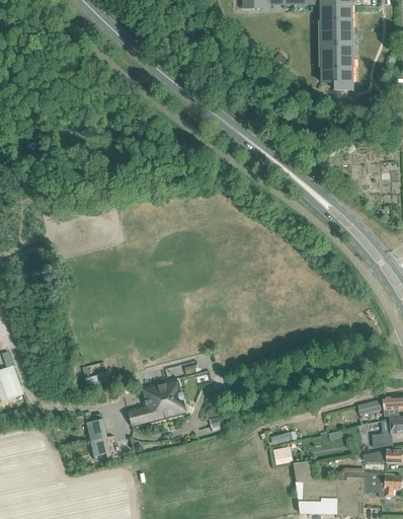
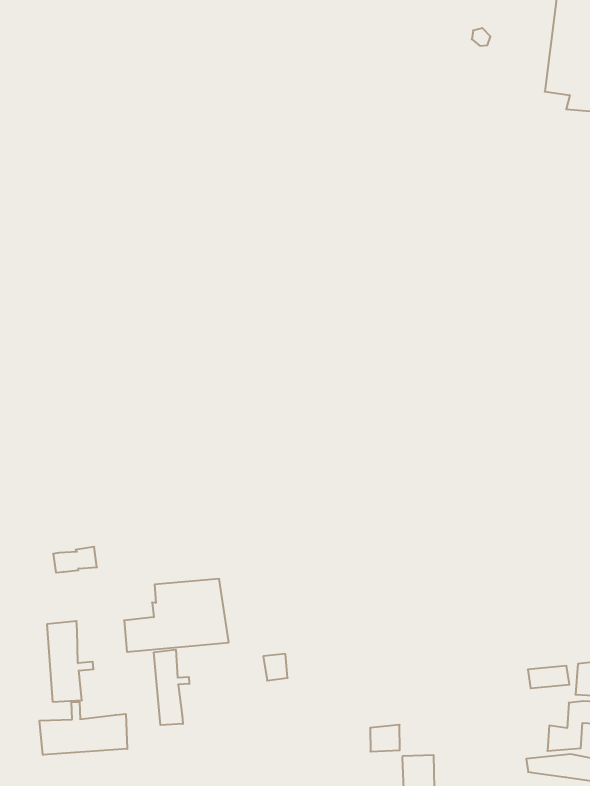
building: none -> [154,650,189,725]
building: none -> [40,702,127,755]

